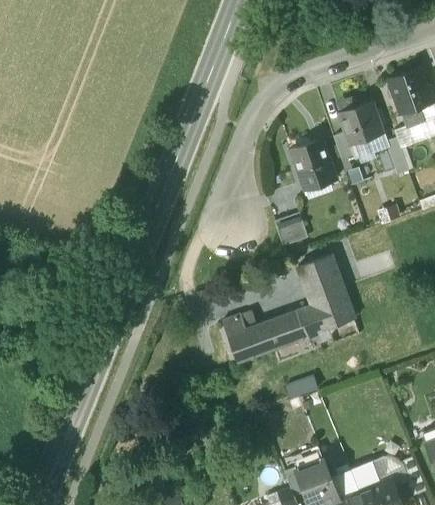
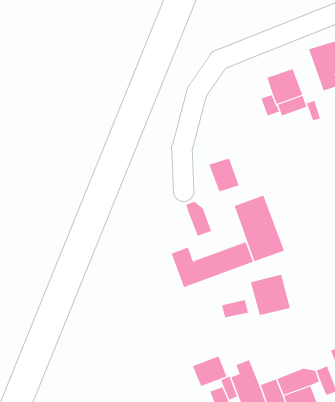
building: [290,143,335,197] -> none
building: none -> [185,201,212,237]
building: none -> [250,274,291,316]
building: none -> [192,355,227,387]

